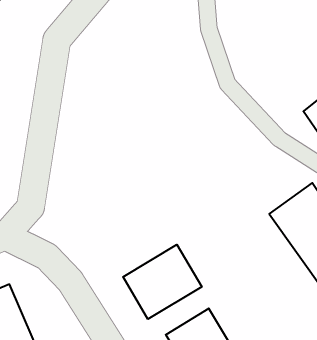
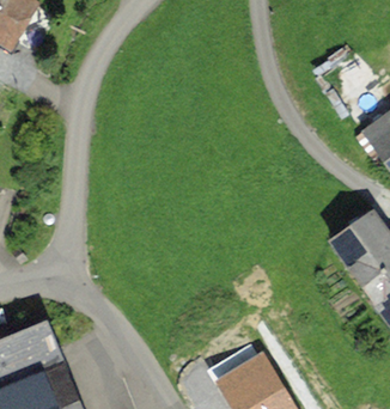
building: [123,245,202,319] -> none

